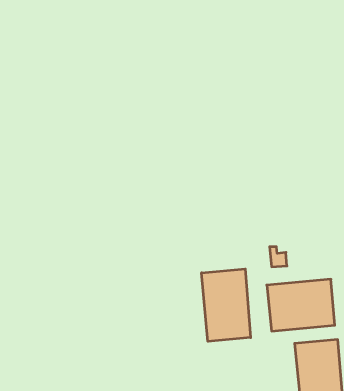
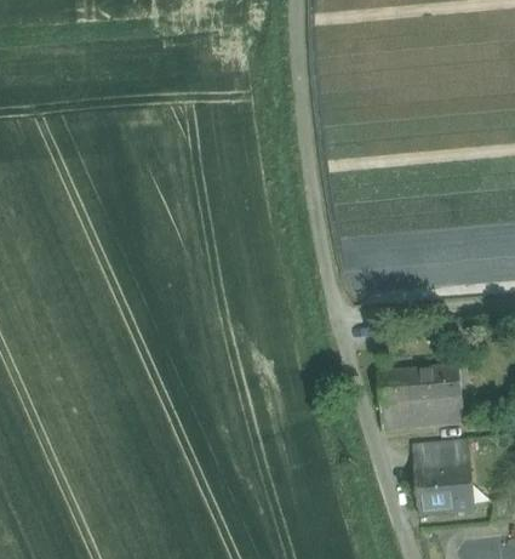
building: [202,269,251,341] -> none

